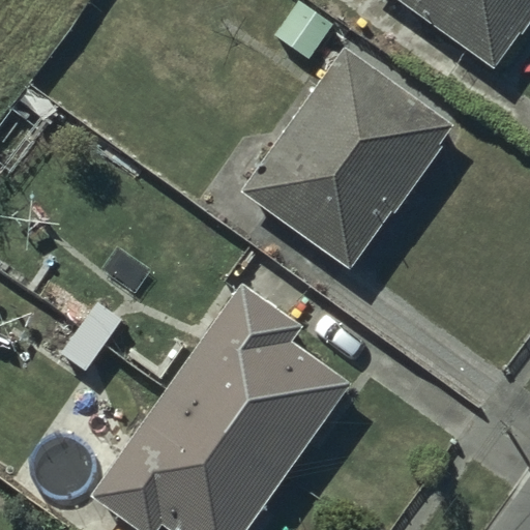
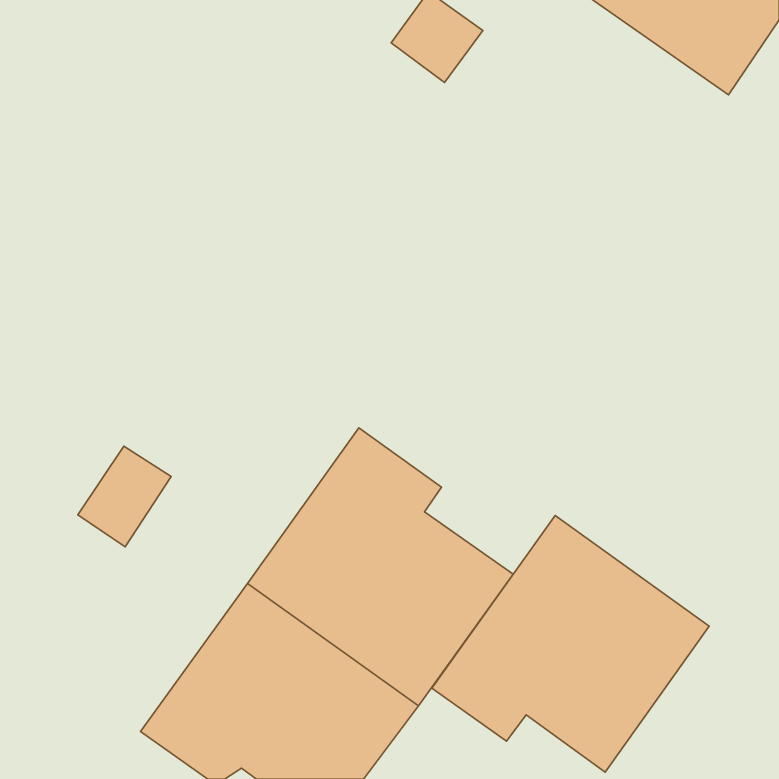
building: [248,54,450,265] -> none
building: none -> [432,516,709,772]

